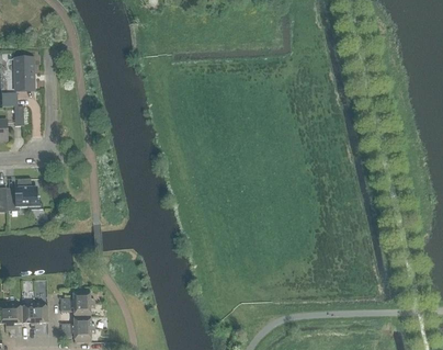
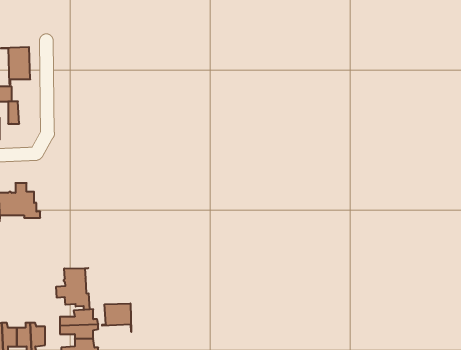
building: none -> [56,268,90,310]
building: none -> [102,303,131,332]

